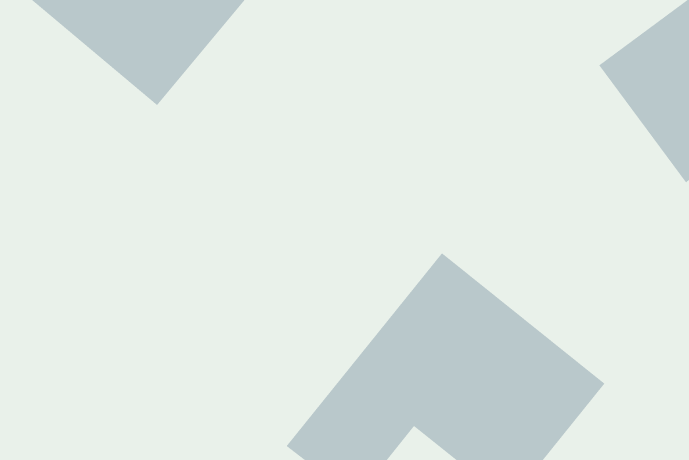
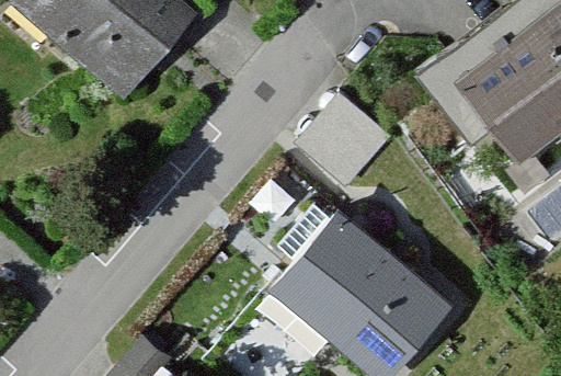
building: none -> [297,88,390,180]

